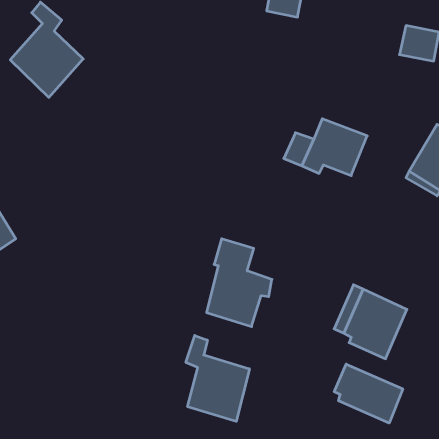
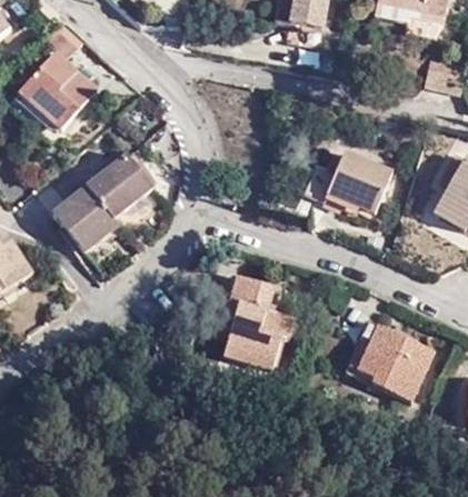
building: none -> [54,155,153,251]
building: [186,335,249,421] -> none
building: [334,364,403,423] -> none

